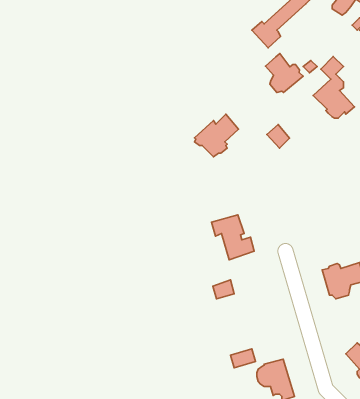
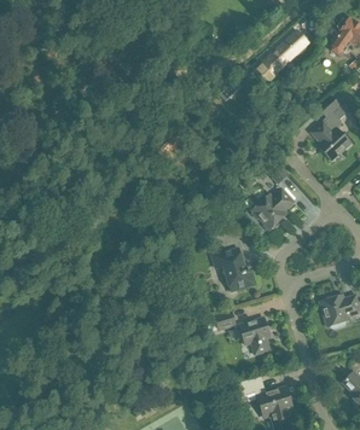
building: [266,54,303,93] -> none
building: [195,114,239,157] -> [251,187,294,228]
building: none -> [238,316,269,354]

